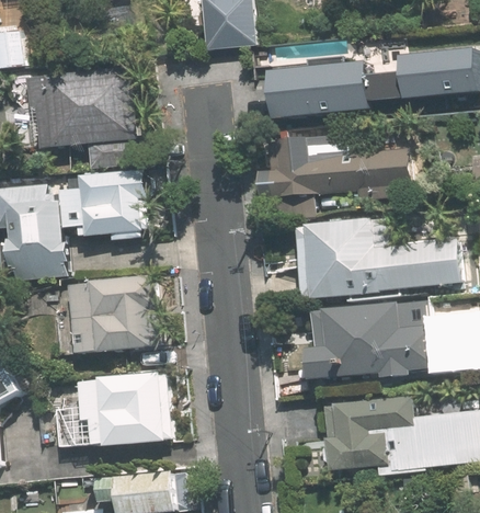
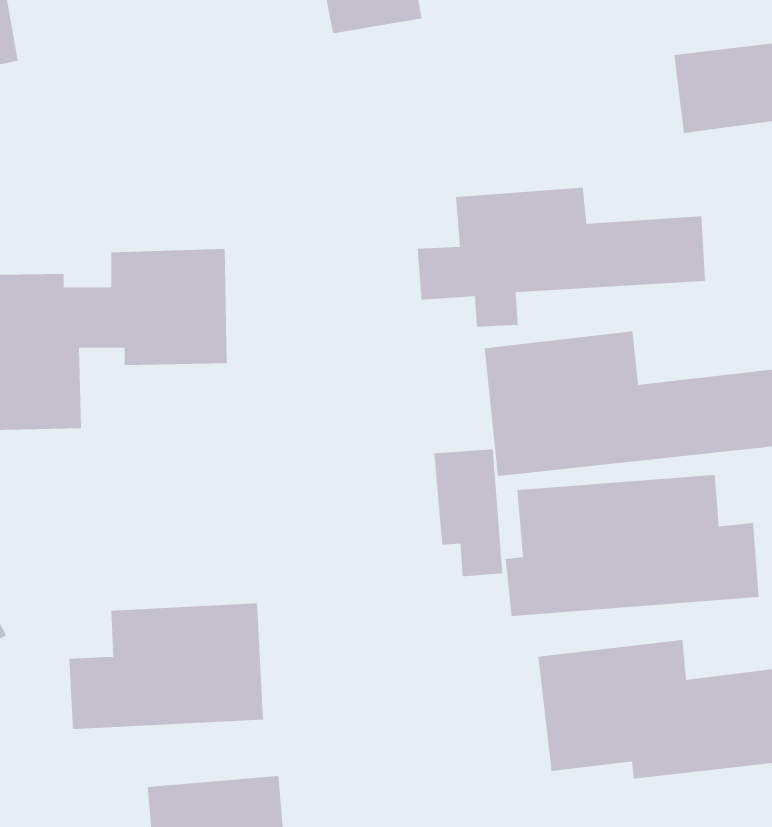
building: [265,61,377,116] -> none
building: [23,71,136,171] -> none
building: [66,275,156,352] -> none
building: none -> [434,448,503,577]

